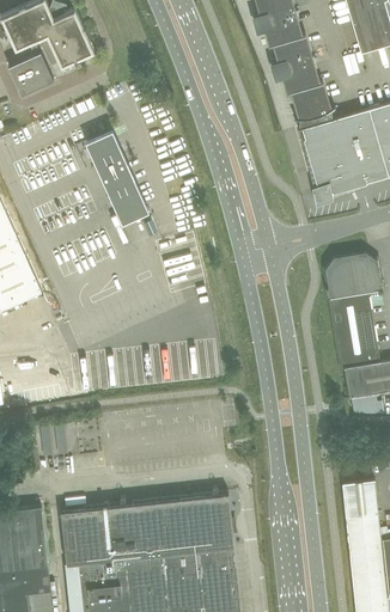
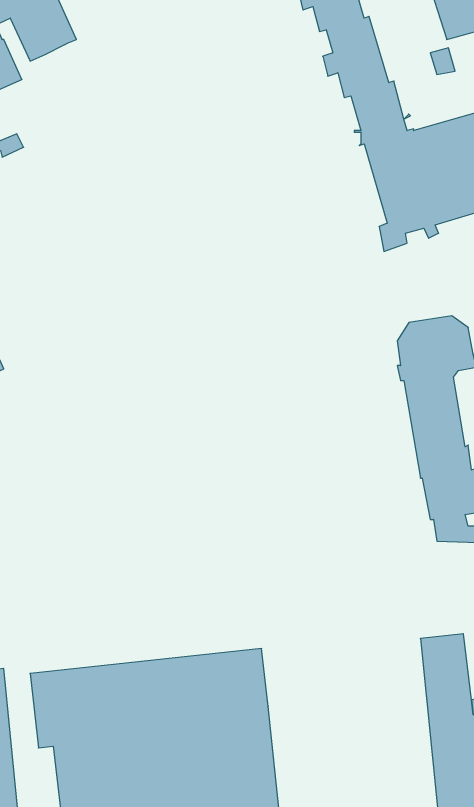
building: [85,131,148,225] -> none

